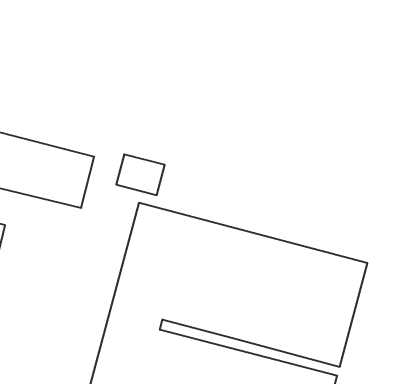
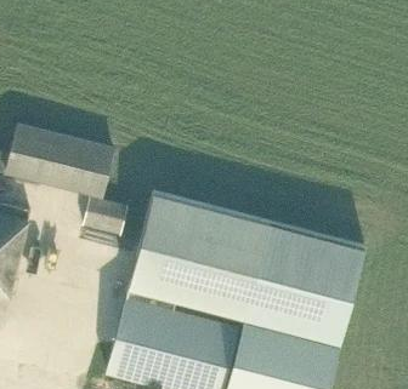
building: [116,154,165,195] -> [83,198,127,235]

